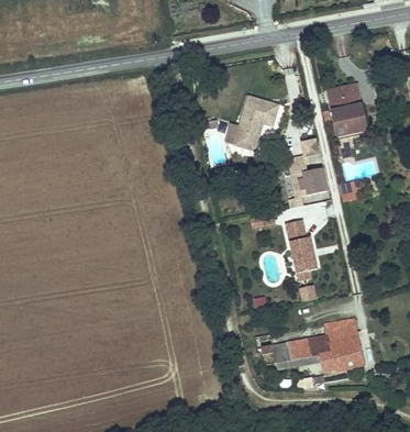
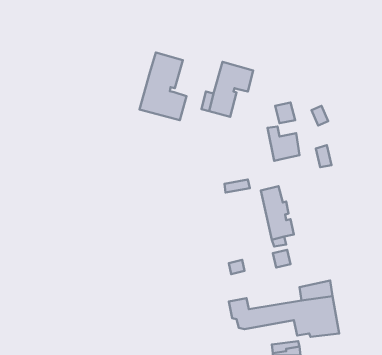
building: [326,84,367,136] -> none
building: none -> [140,53,187,120]

